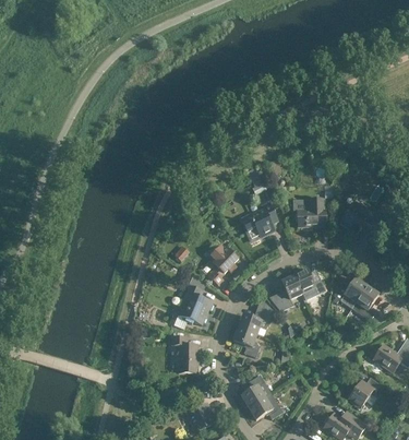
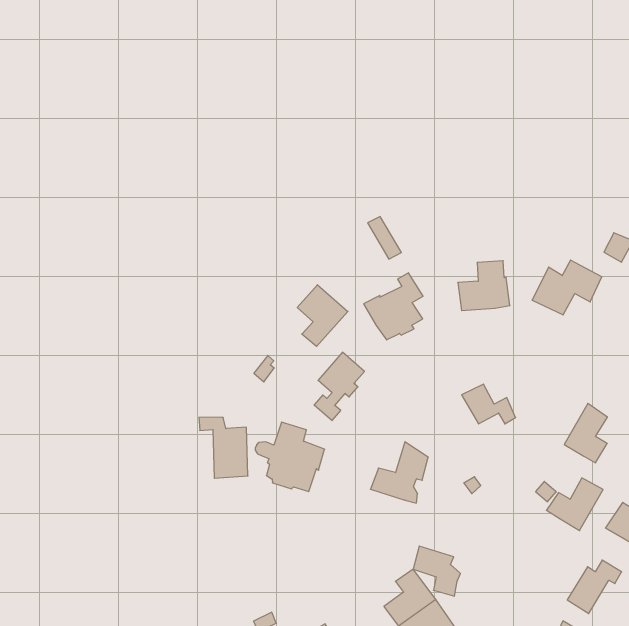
building: none -> [297,285,348,346]
building: [268,275,302,311] -> none
building: [333,277,366,308] -> [546,478,603,531]
building: [232,326,260,357] -> [413,546,460,596]
building: [170,336,197,372] -> [199,417,248,478]

